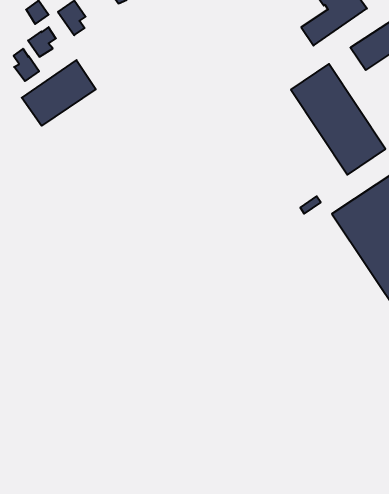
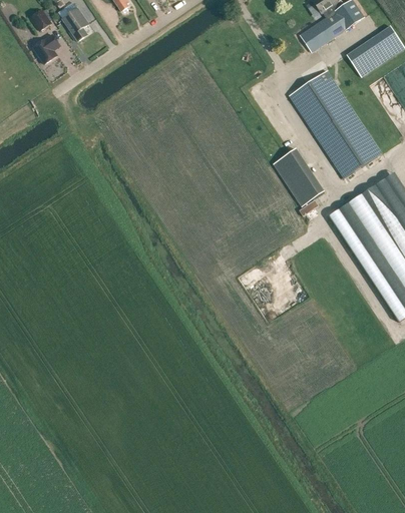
building: [14,49,39,81] -> none
building: [22,60,96,126] -> none
building: none -> [271,147,322,206]

